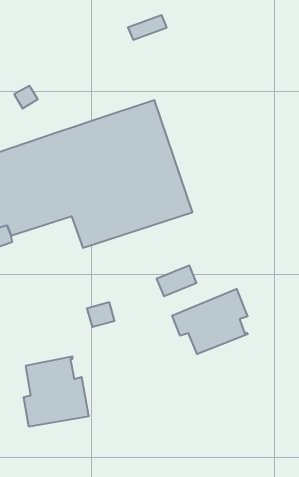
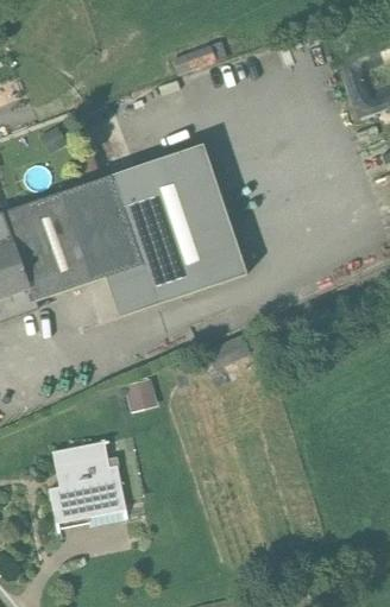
building: [172,289,248,354] -> none

